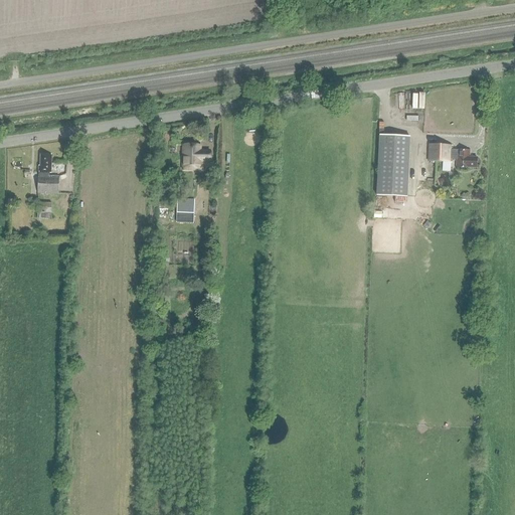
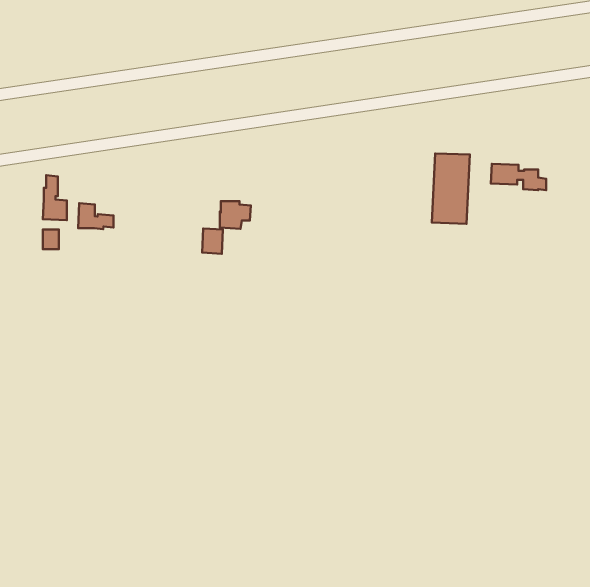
building: [183,144,210,168] -> [220,201,251,229]
building: none -> [78,203,114,229]

